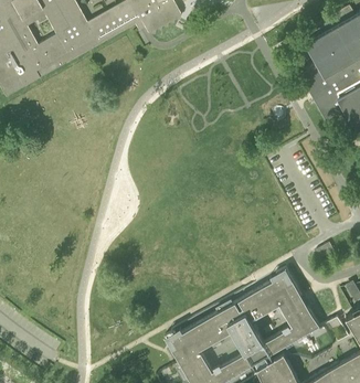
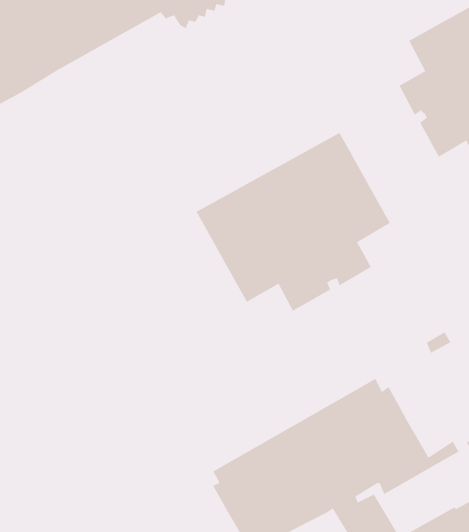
building: none -> [195,132,391,312]

